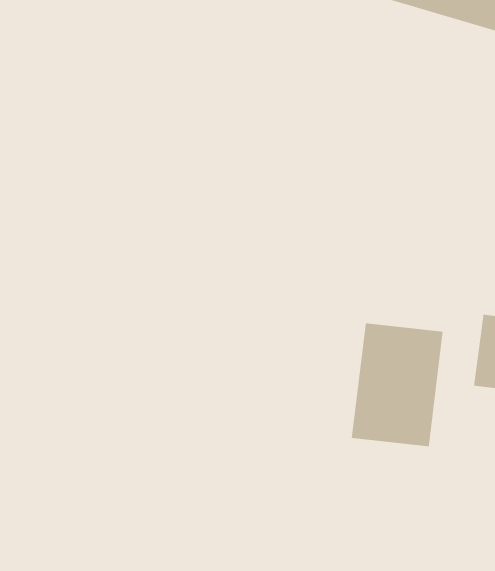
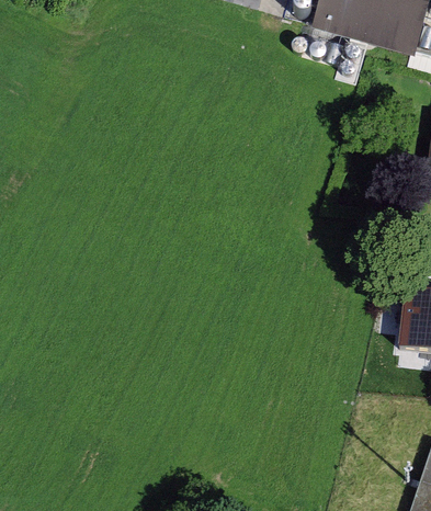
building: [351,323,444,447] -> none

